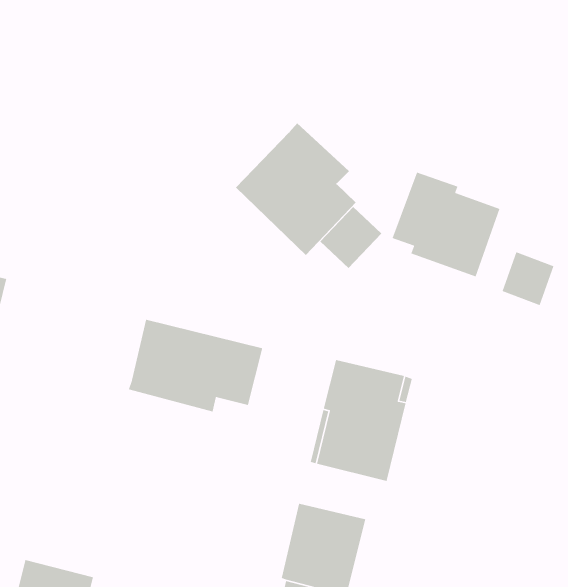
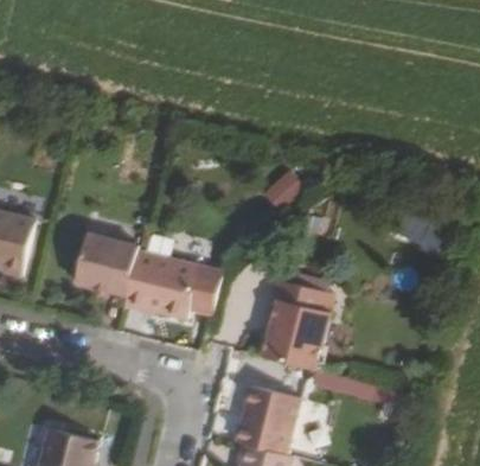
building: [235,123,357,256] -> none
building: [392,172,501,278] -> none
building: none -> [75,235,137,296]

